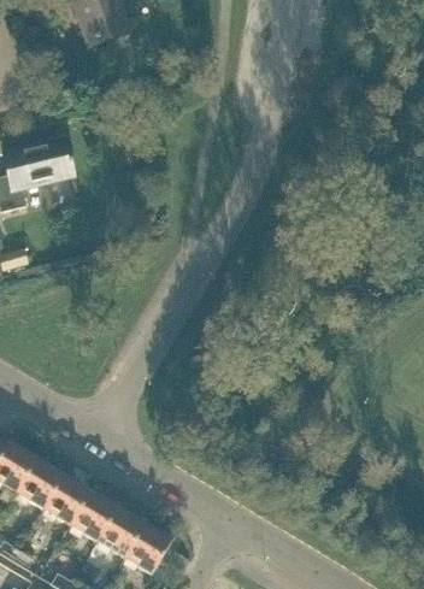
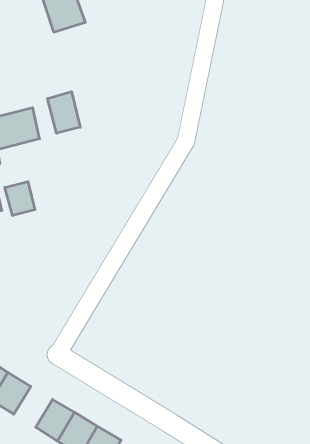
building: none -> [48,92,80,133]
building: none -> [5,182,35,216]
building: [42,476,89,525] -> none

